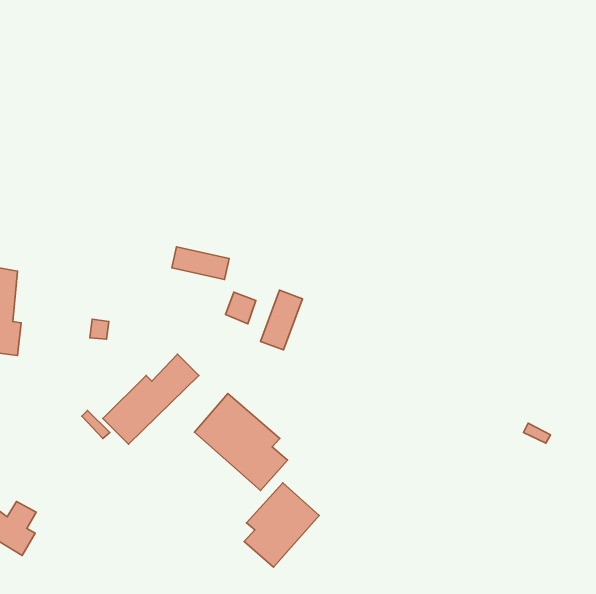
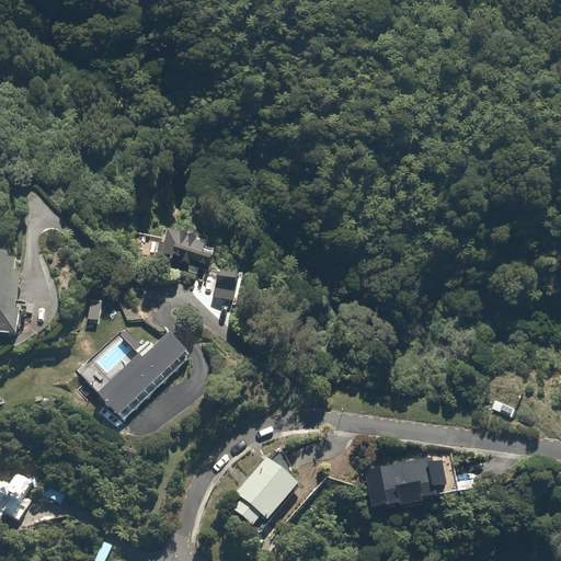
building: [261,290,302,350] -> none
building: [195,394,287,490] -> none
building: none -> [364,459,451,510]

